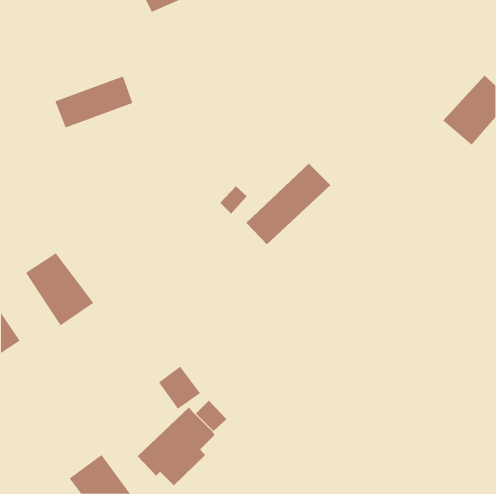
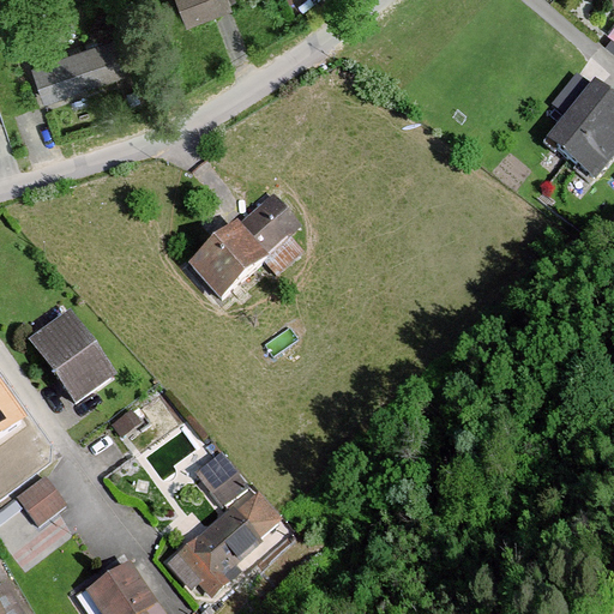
building: [55,76,133,128] -> [30,32,127,97]
building: [246,163,331,245] -> [189,194,295,296]
building: none -> [14,475,66,526]

